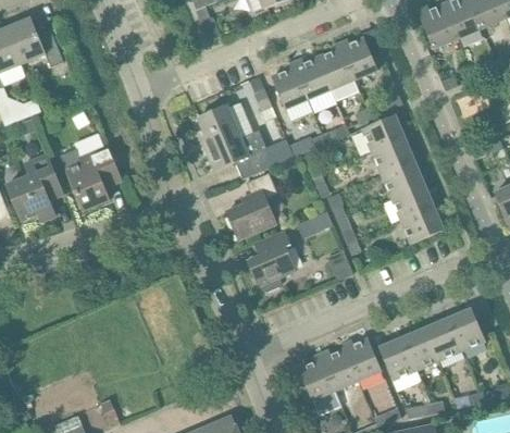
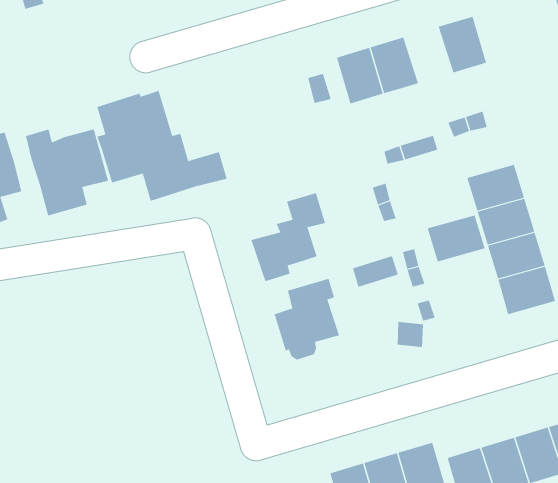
building: [318,48,354,89] -> none
building: [198,101,295,180] -> [96,90,227,201]
building: [362,115,405,151] -> [427,215,485,262]

